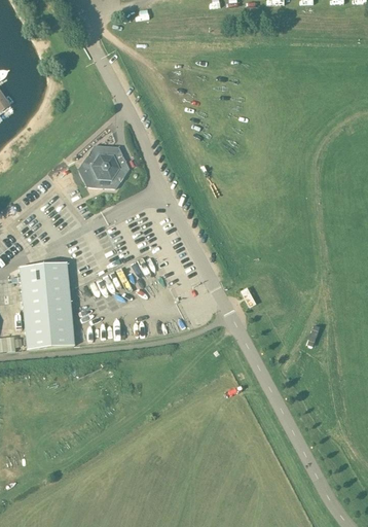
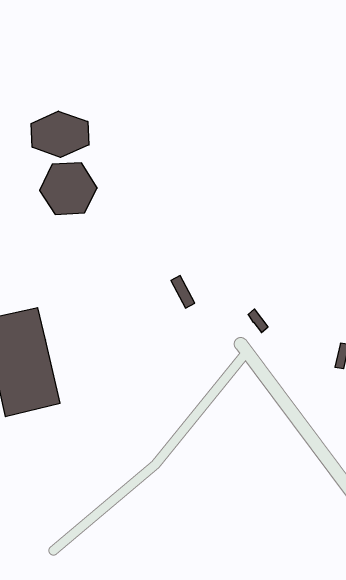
building: none -> [31,111,89,157]

